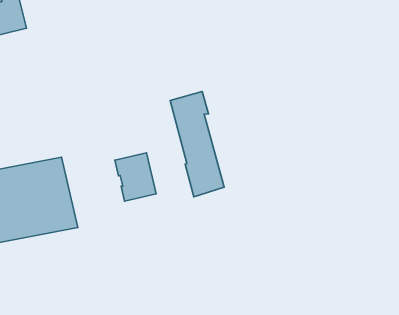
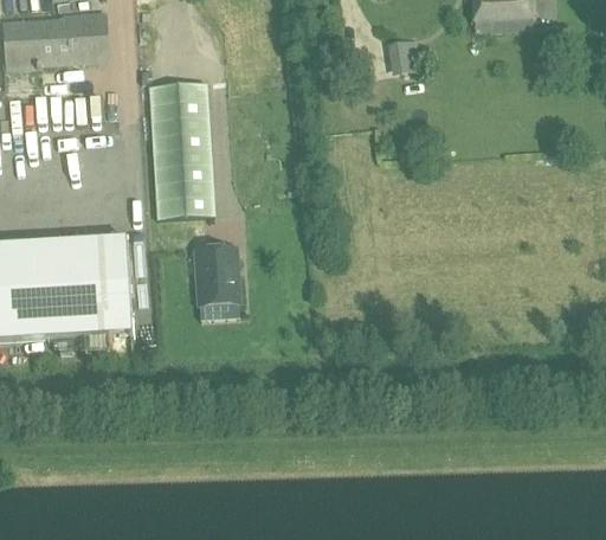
building: none -> [149,81,215,219]
building: [170,91,224,197] -> none

